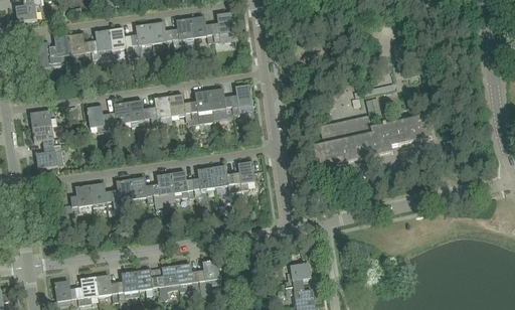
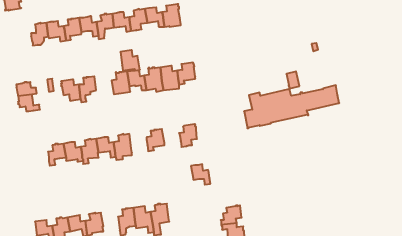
building: [128,100,152,125] -> [120,50,140,71]
building: [36,143,63,167] -> none
building: [211,165,235,190] -> [191,164,210,185]
building: [171,171,194,196] -> none
building: [136,269,159,294] -> none

